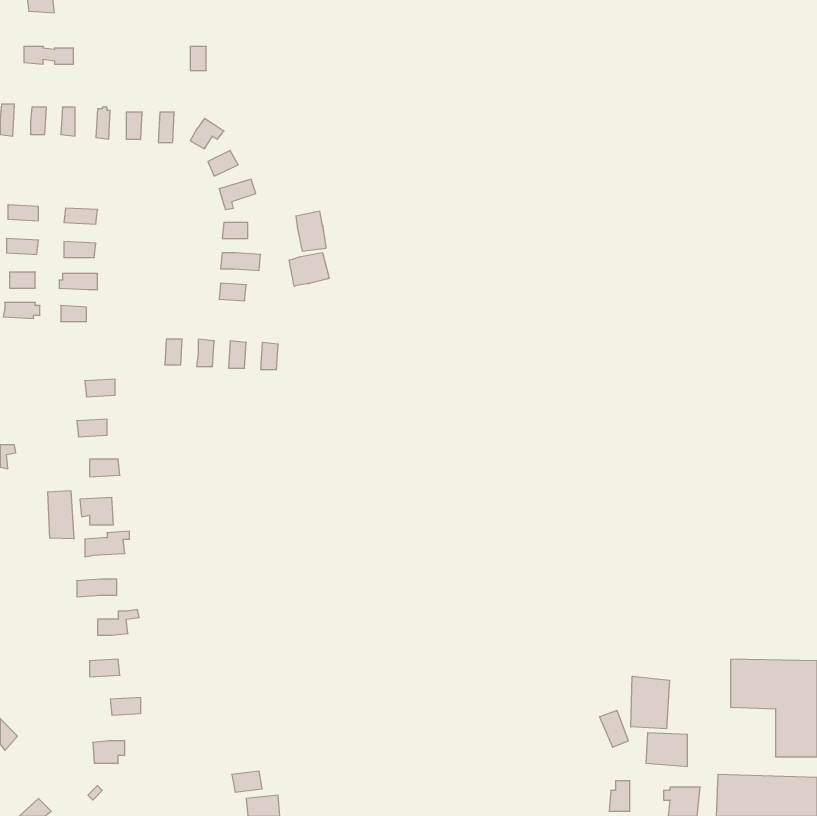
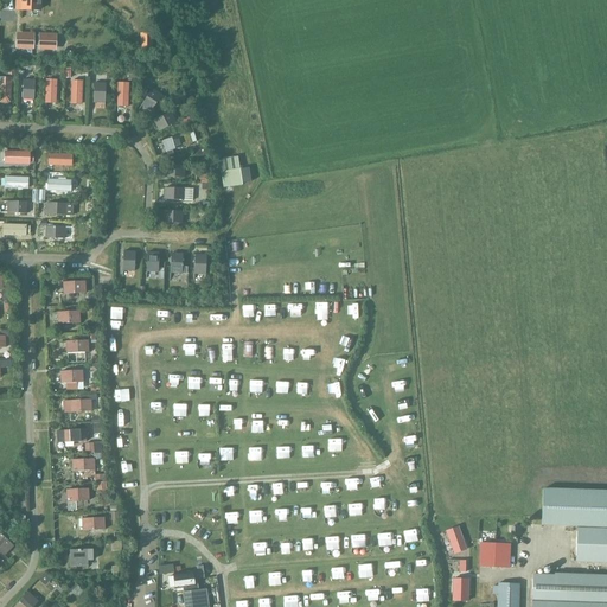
building: [289,253,329,286] -> none
building: [48,491,74,539] -> none
building: [631,676,670,729] -> none

